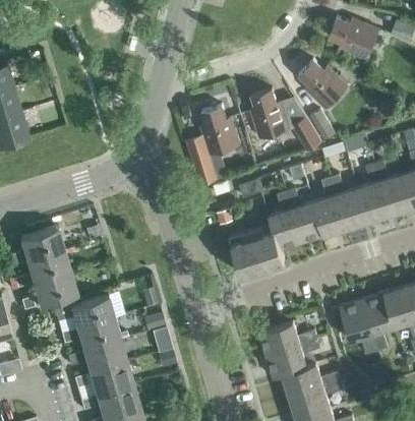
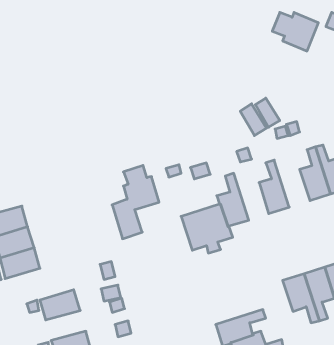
building: [298,59,347,109] -> none
building: [250,89,289,137] -> none
building: [188,105,239,184] -> [112,165,159,239]
building: [330,174,368,228] -> none
building: [286,188,323,242] -> none
building: [53,295,113,328] -> none
building: [259,321,317,355] -> none
building: [82,340,126,372] -> none

